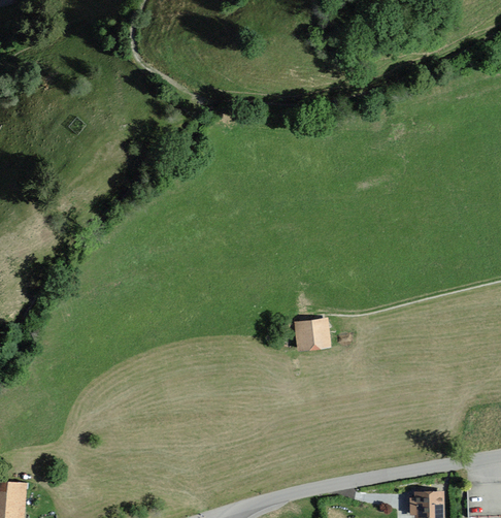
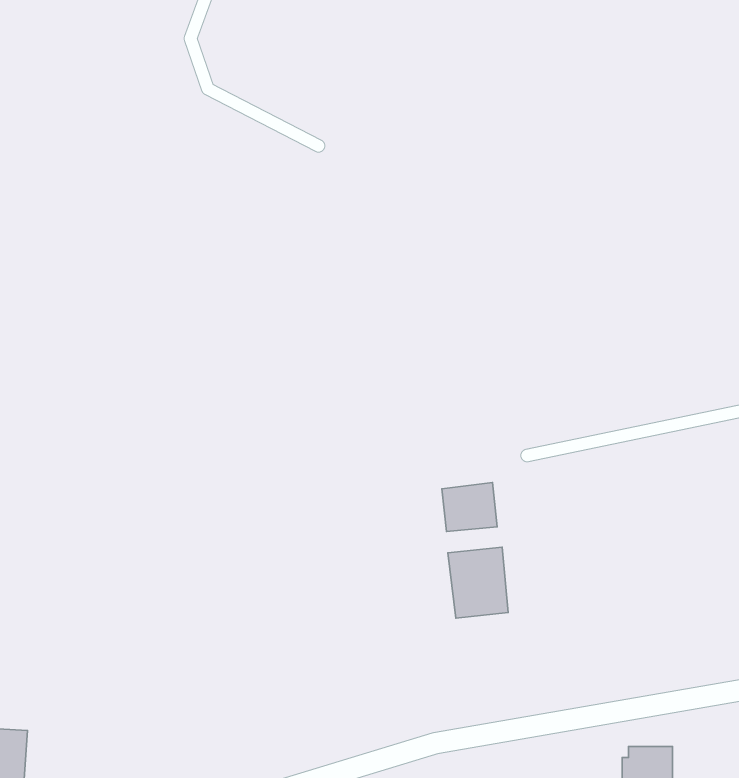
building: none -> [448,547,508,618]

